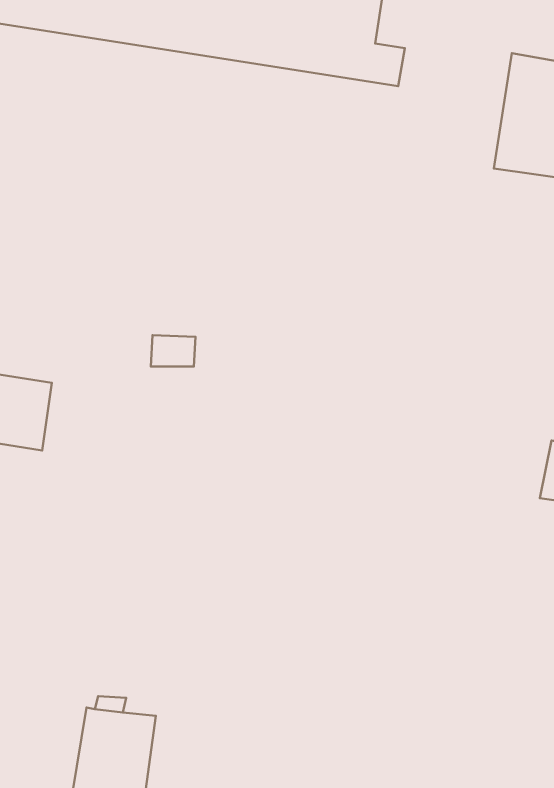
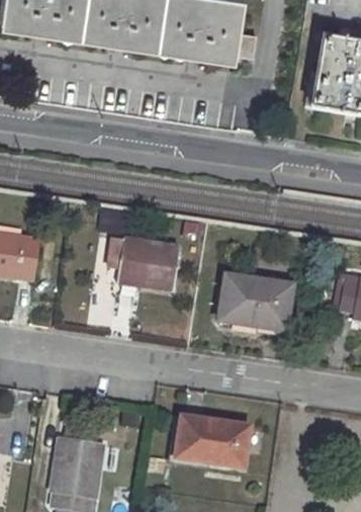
building: none -> [116,238,177,292]
building: none -> [217,275,289,331]
building: none -> [176,417,247,467]

